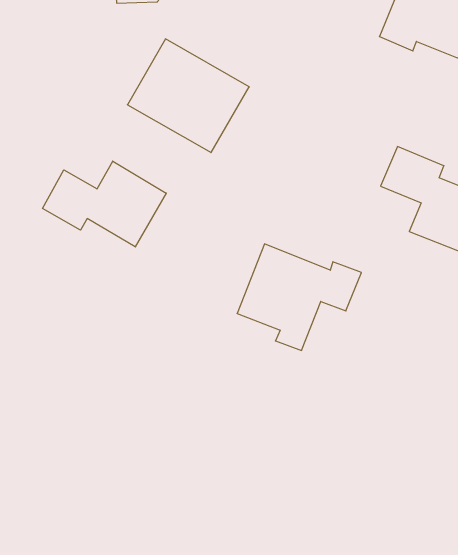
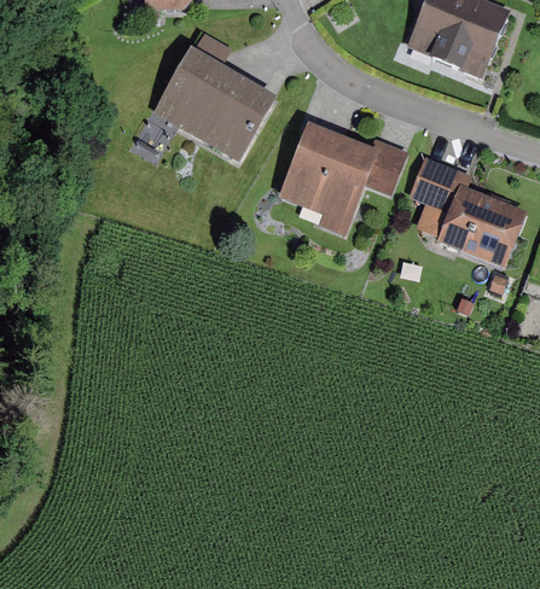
building: [43,161,166,247] -> none
building: [237,244,361,350] -> [280,124,406,232]

